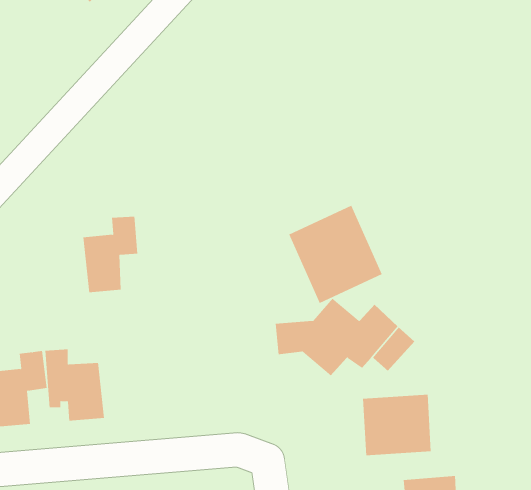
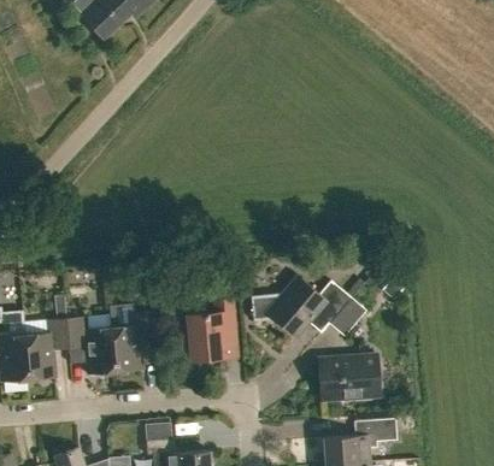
building: [288,205,383,304] -> none
building: [82,216,138,293] -> [110,309,154,371]
building: none -> [187,295,236,359]

